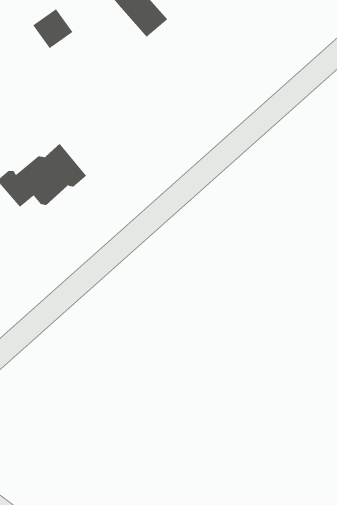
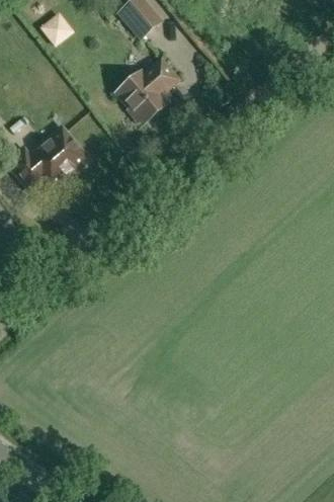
building: none -> [116,59,177,121]

